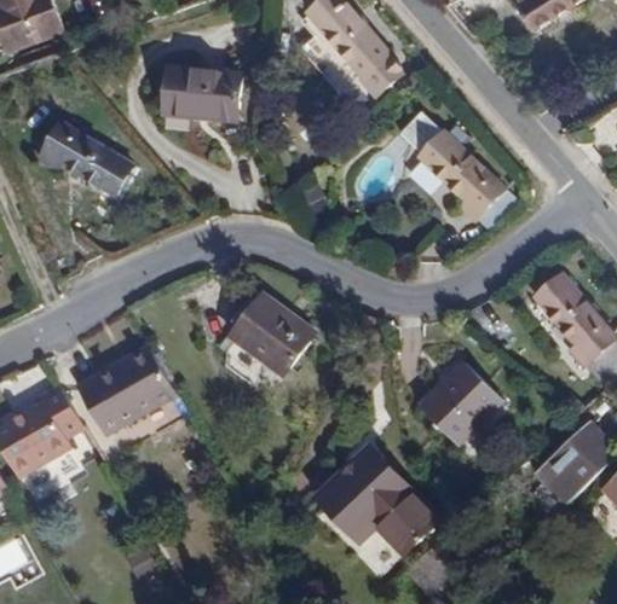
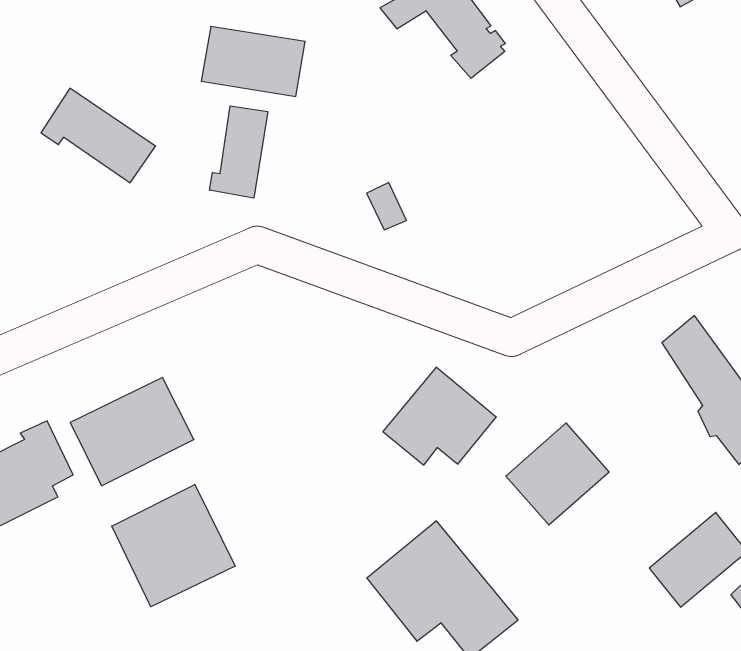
building: [399,112,501,217] -> none
building: none -> [210,106,268,198]
building: [223,297,311,374] -> [383,367,496,465]
building: none -> [112,484,235,607]

